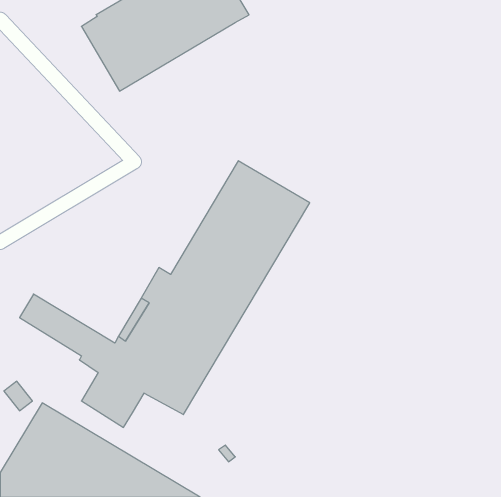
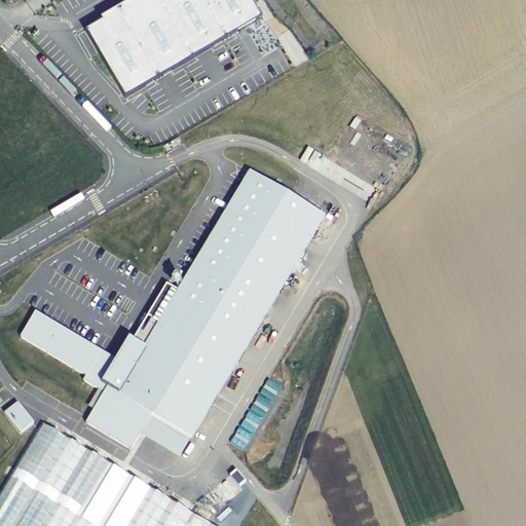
building: none -> [139,412,192,455]

